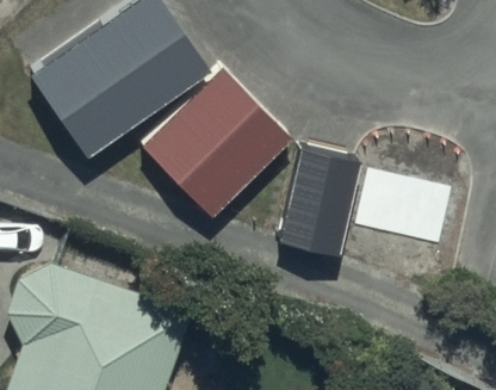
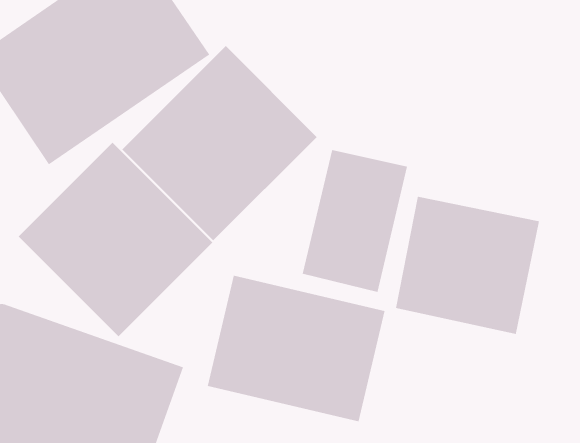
building: none -> [18,142,213,337]
building: none -> [207,275,385,422]

